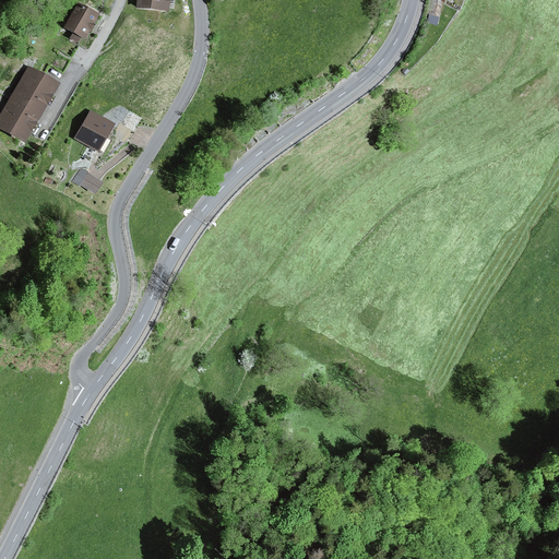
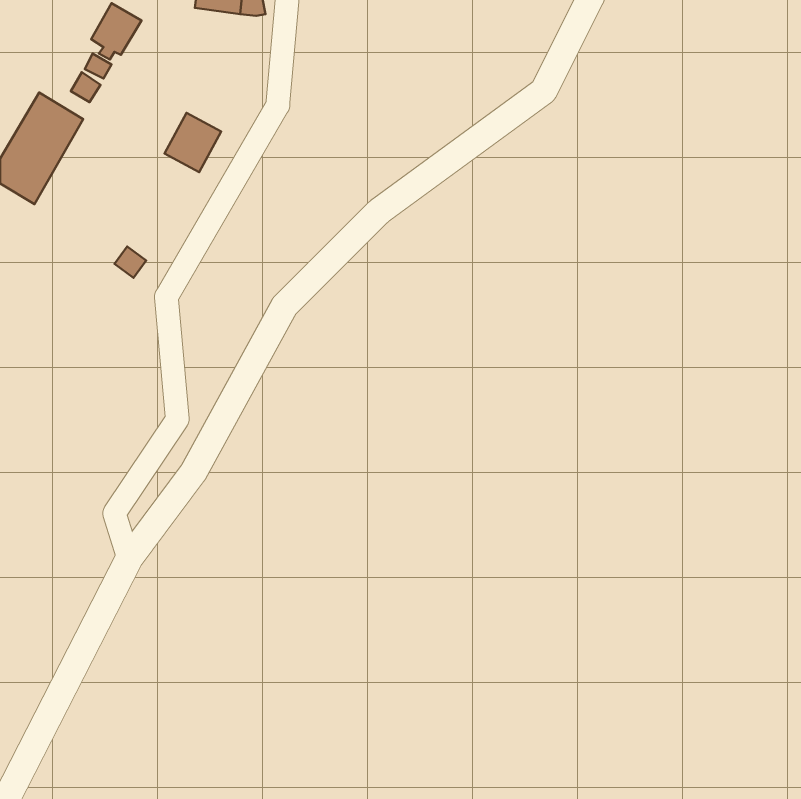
building: [74,108,114,150] -> [164,113,221,172]

